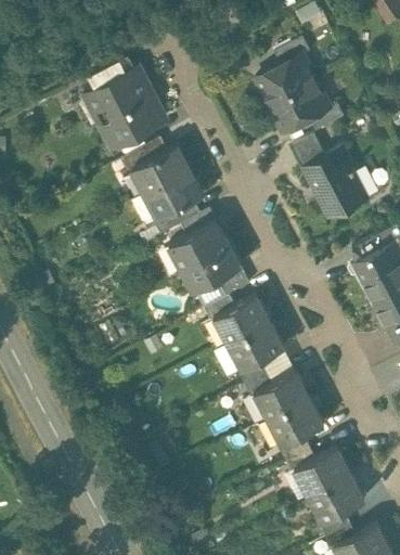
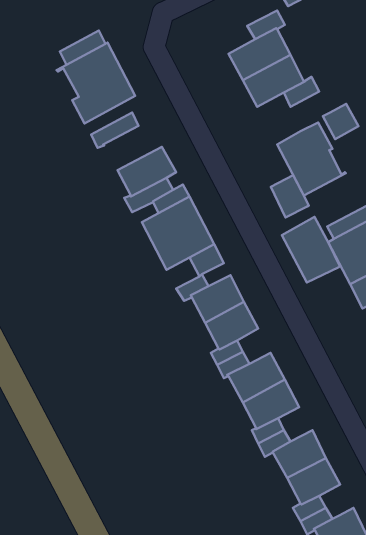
building: [291,135,325,170] -> [323,104,358,139]
building: [132,146,190,195] -> none
building: none -> [271,175,309,217]
building: none -> [282,217,340,282]

